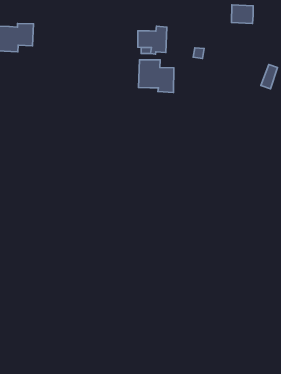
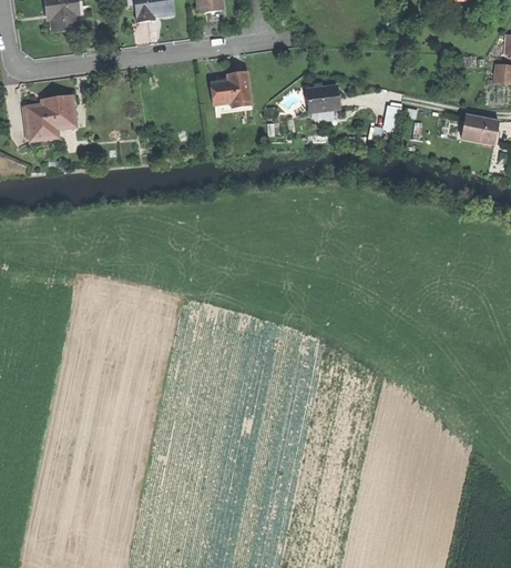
building: [232,5,253,24] -> [306,84,337,111]
building: [139,60,174,92] -> none

